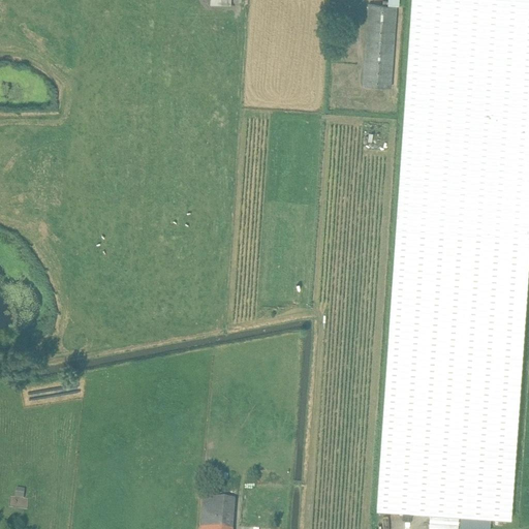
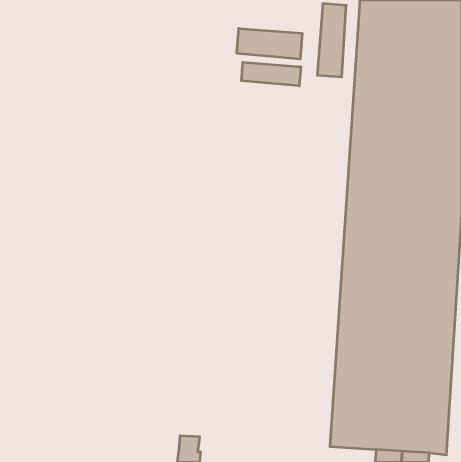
building: none -> [237,28,302,59]
building: none -> [241,62,301,86]

